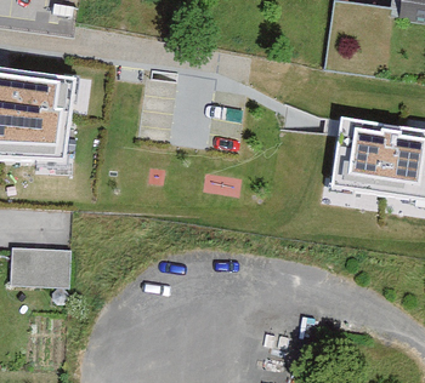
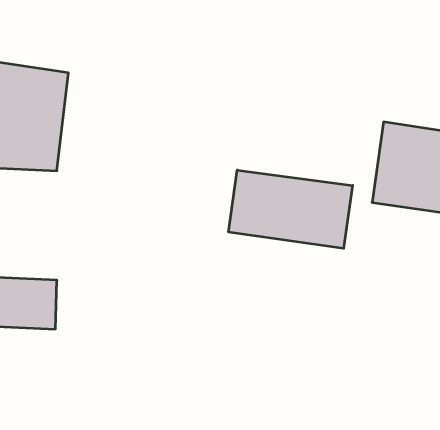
building: none -> [229,170,353,248]

